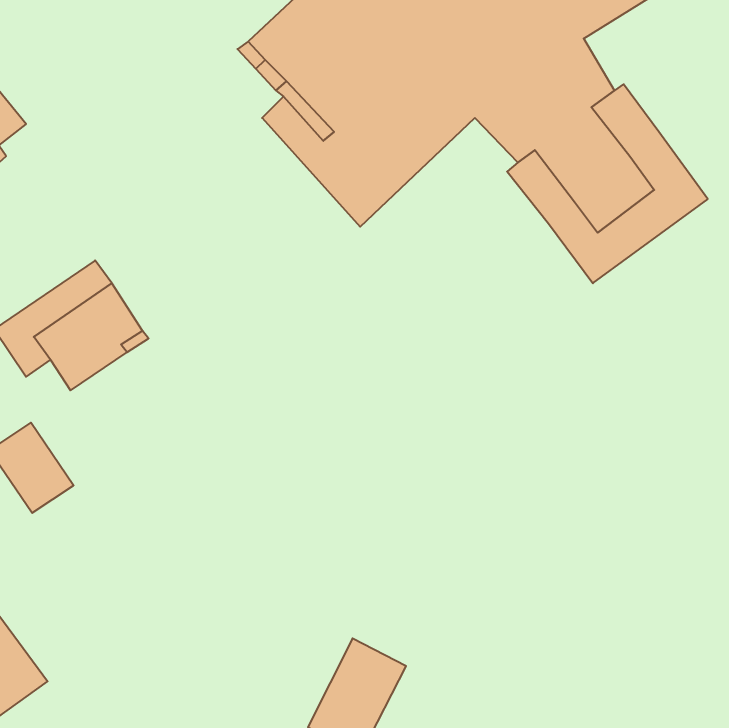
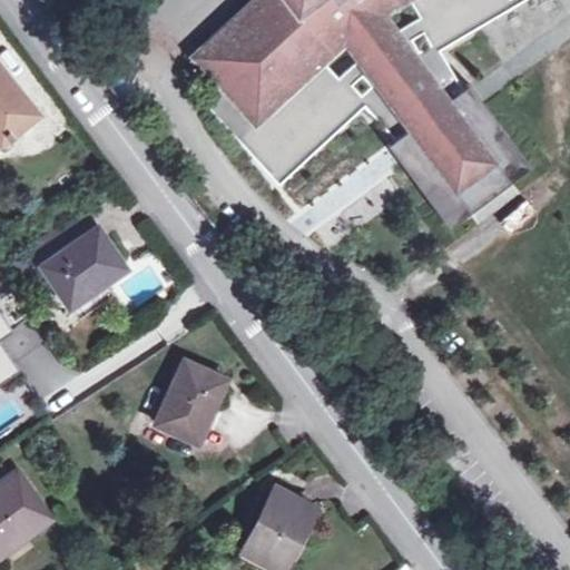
building: none -> [155,358,226,440]

